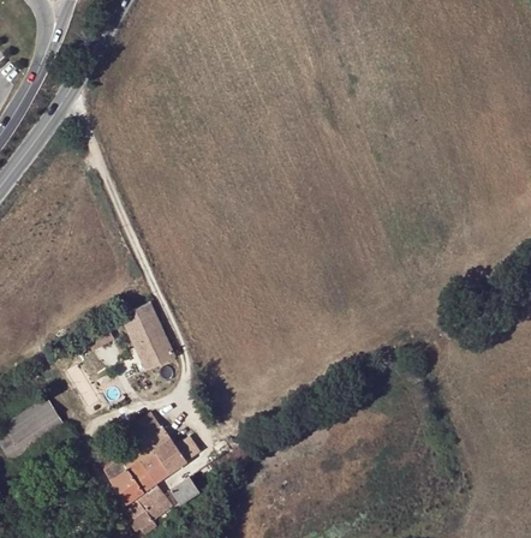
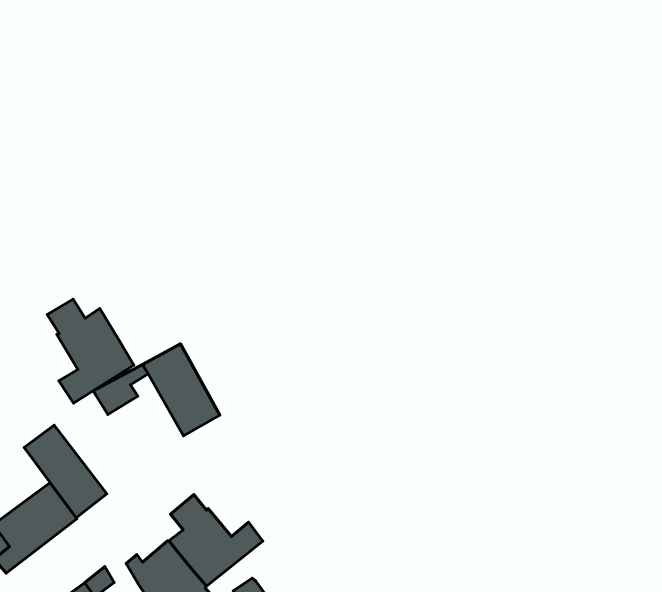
building: none -> [47,299,134,403]
building: none -> [24,425,107,518]

